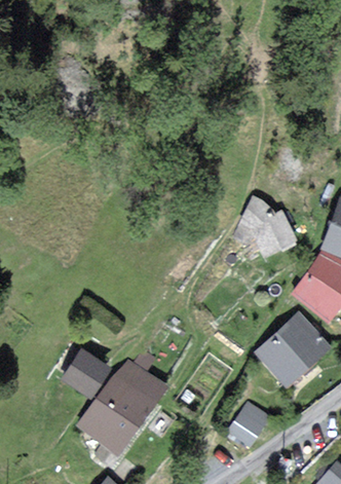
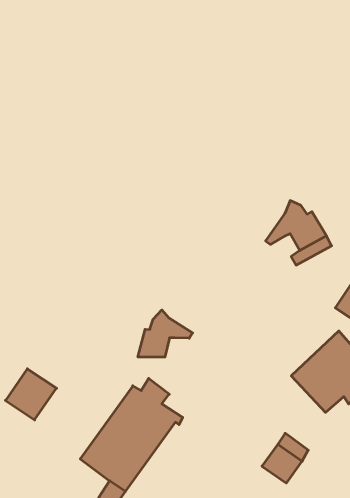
building: none -> [138,310,193,357]
building: [61,350,104,394] -> [5,369,57,420]

